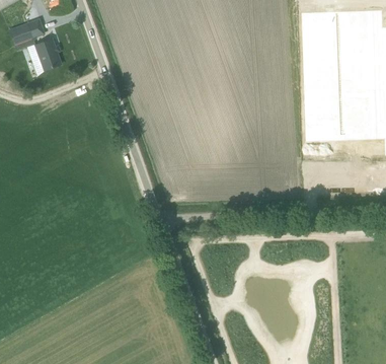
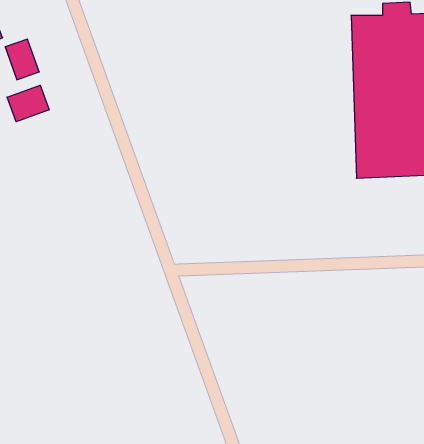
building: none -> [7,85,49,122]

